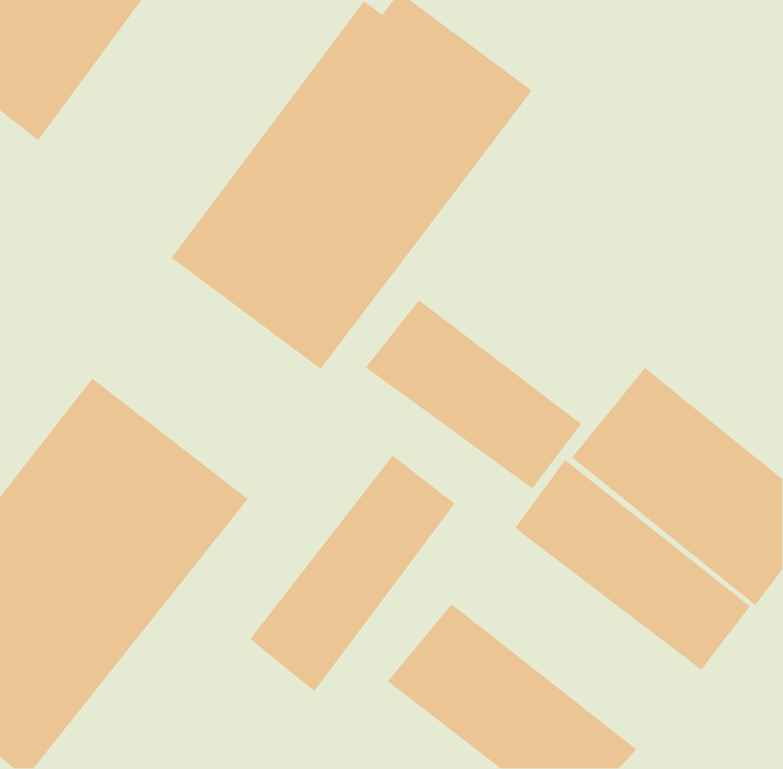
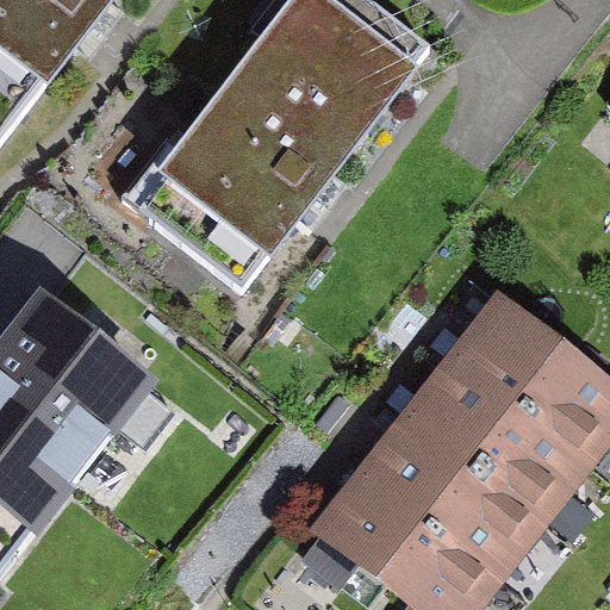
building: [365,299,582,489] -> none
building: [249,455,455,692] -> none
building: none -> [354,412,543,579]

